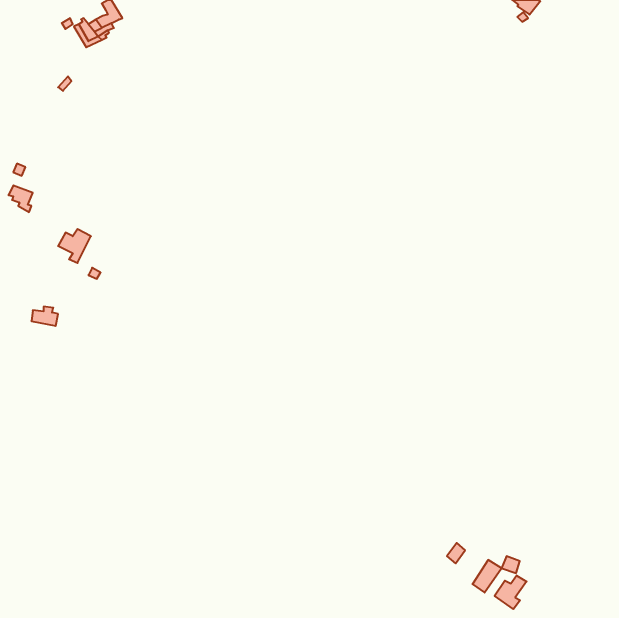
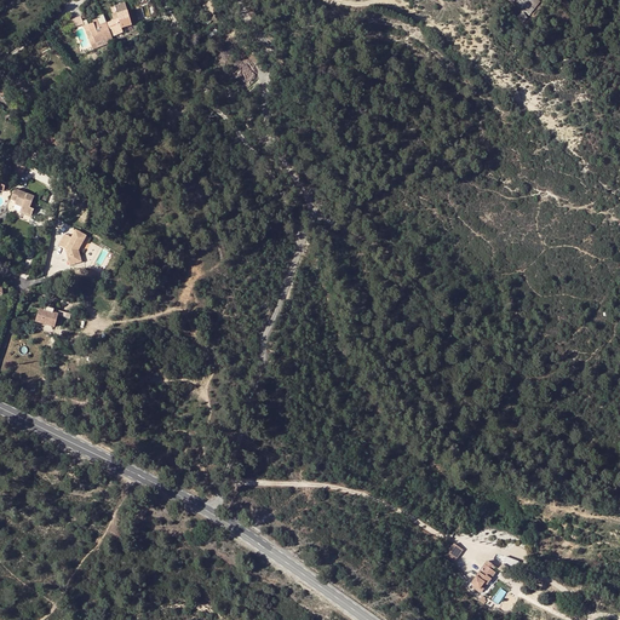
building: [495,575,527,609] -> none

